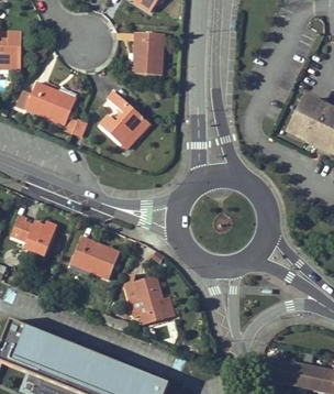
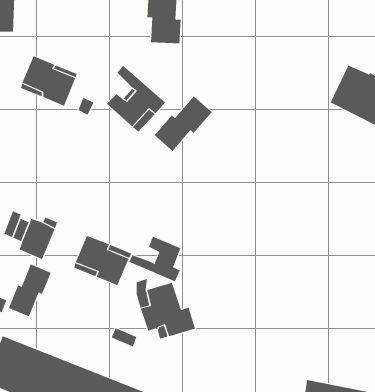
building: none -> [154,95,213,152]
building: none -> [129,236,181,282]
building: none -> [8,264,51,317]

